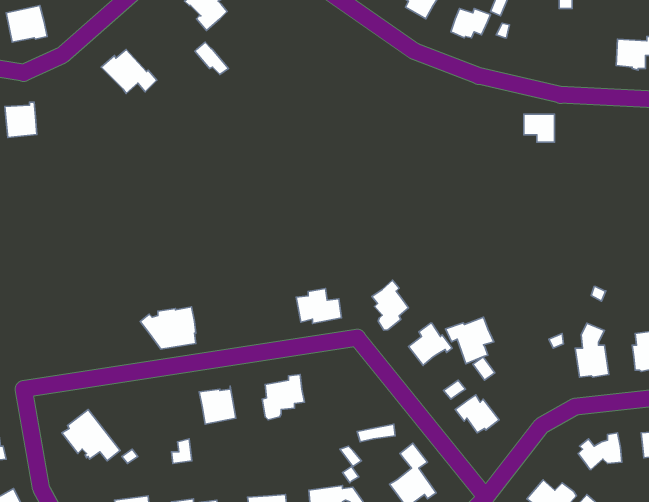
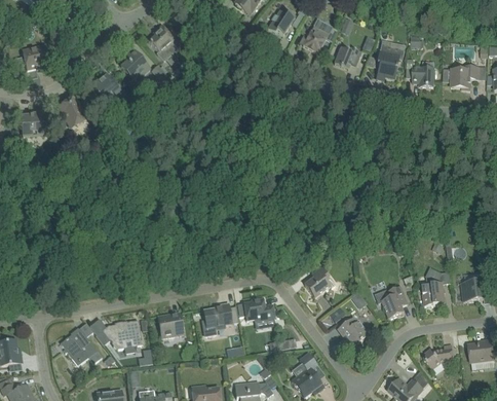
building: none -> [376,48,398,78]
building: none -> [120,49,150,78]
building: none -> [59,98,86,127]
building: [524,114,554,142] -> [412,66,433,85]
building: [372,280,409,330] -> none
building: [296,288,342,324] -> [242,296,274,321]
building: [140,307,196,349] -> [102,319,141,349]
building: [445,317,494,364] -> [374,285,408,318]

